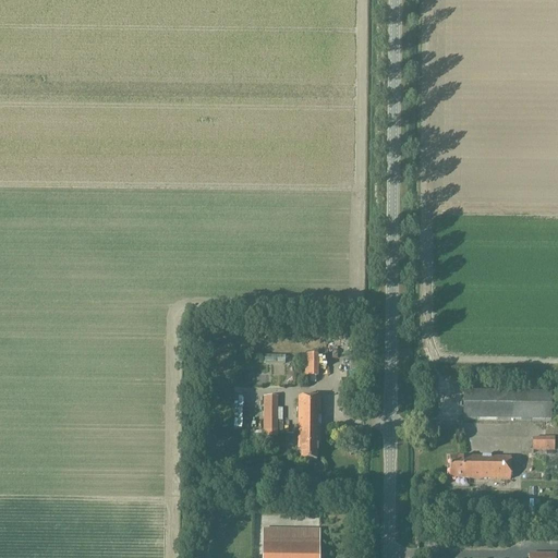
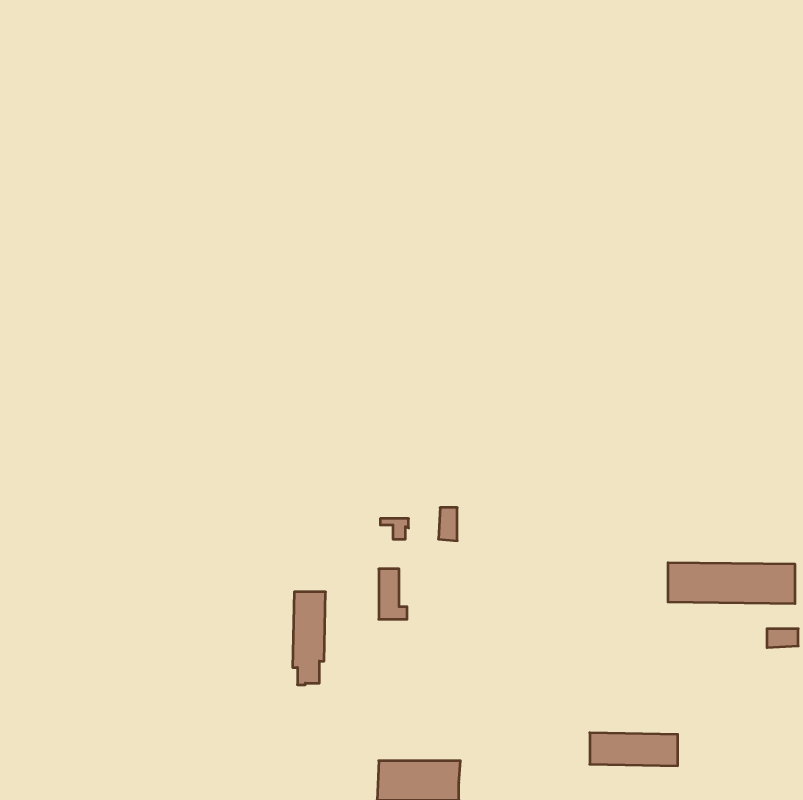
building: [298,396,320,460] -> [293,592,326,685]
building: [449,454,510,477] -> [590,733,678,766]

